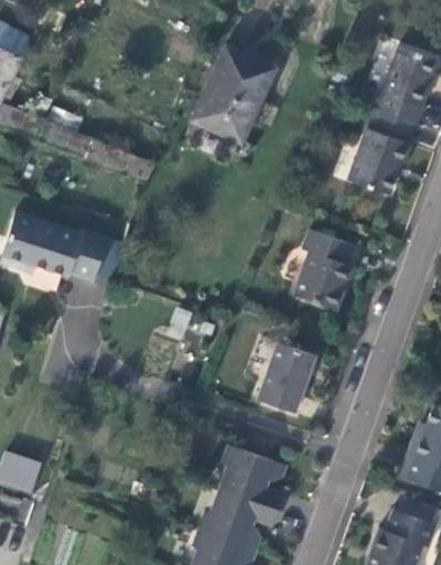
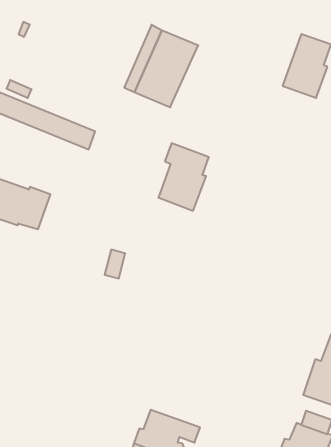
building: [348,108,416,195] -> none
building: [293,231,353,310] -> [158,143,209,211]
building: [255,345,314,416] -> none
building: [220,448,287,512] -> none

